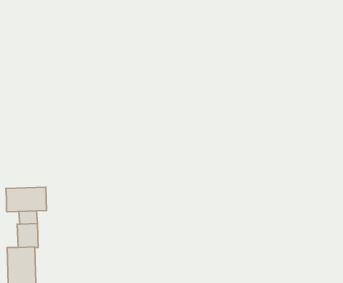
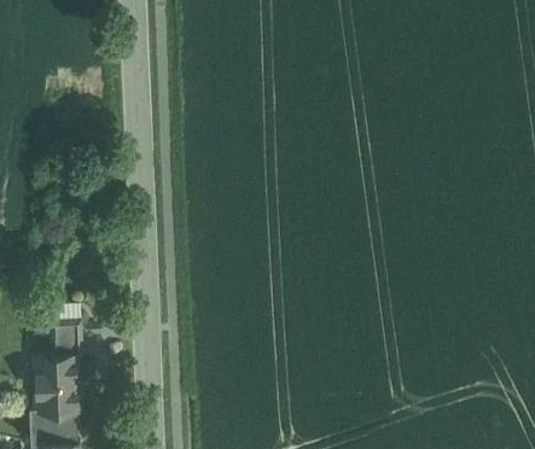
building: [6,187,46,212] -> none

